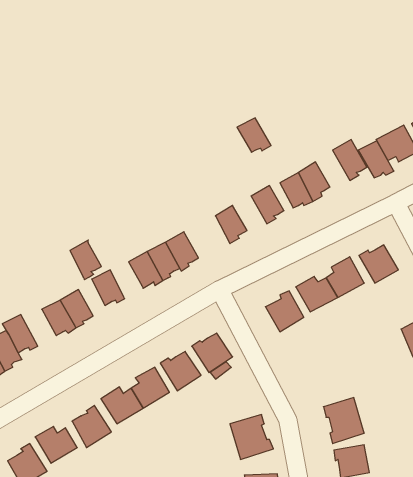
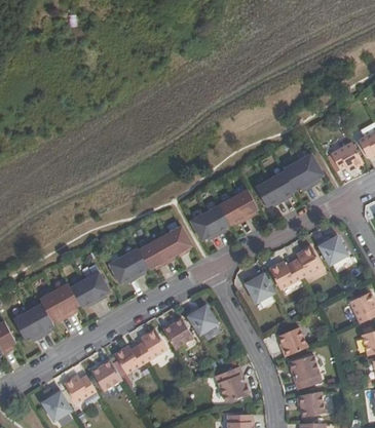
building: [237,118,271,152] -> [218,197,245,224]
building: [358,141,394,178] -> [282,161,309,190]
building: none -> [190,212,216,239]
building: [70,240,101,280] -> [122,246,147,277]
building: none -> [52,281,79,314]
building: none -> [277,326,306,356]

